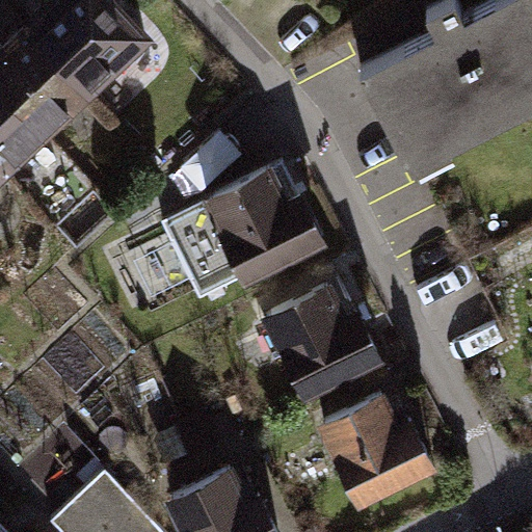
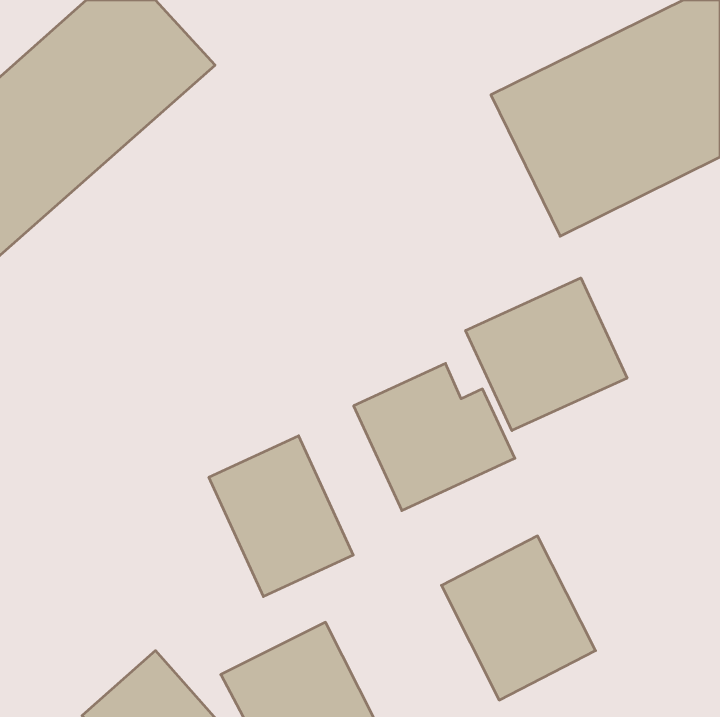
building: [157,151,328,292] -> none
building: none -> [466,278,627,431]
building: none -> [209,436,353,597]

